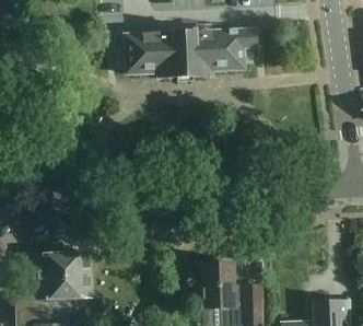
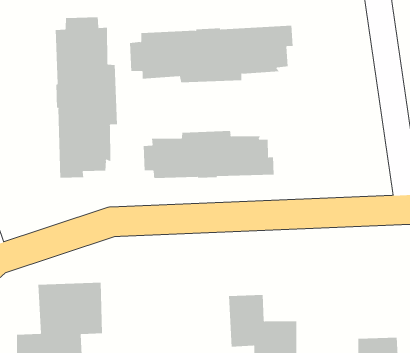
building: none -> [55,16,117,179]
building: none -> [143,130,274,179]

